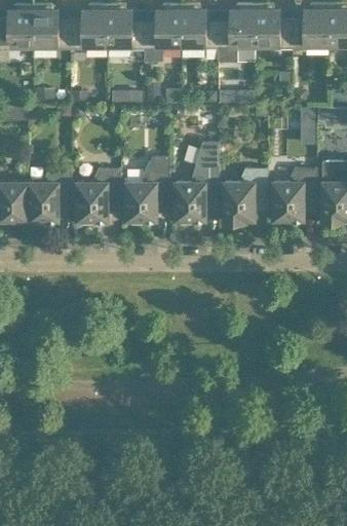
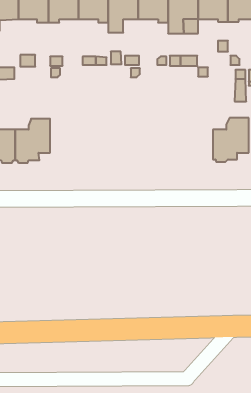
building: [175,145,219,223] -> none
building: [125,157,169,224] -> none
building: [224,168,268,224] -> none
building: [76,170,120,224] -> none

